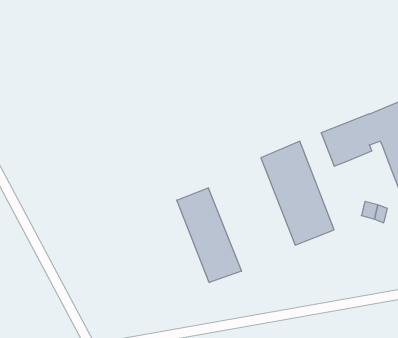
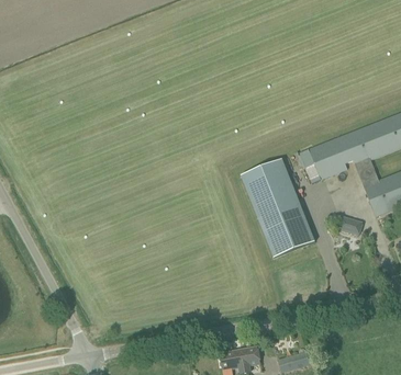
building: [177,188,241,283] -> none

